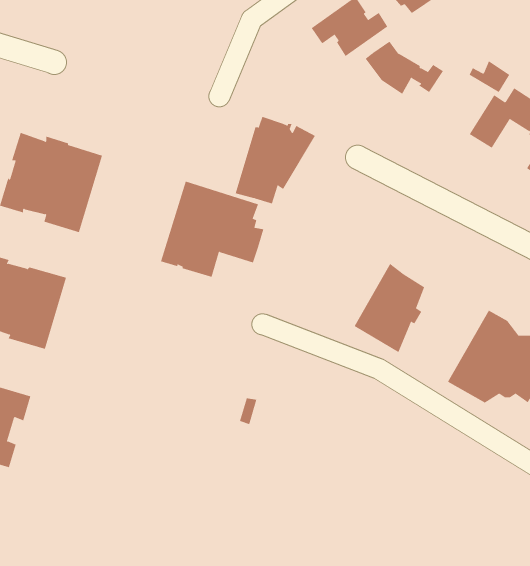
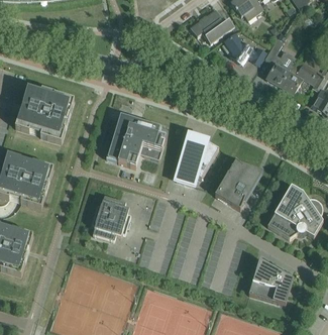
building: none -> [263,35,293,85]
building: [235,116,316,204] -> [173,134,218,184]
building: none -> [91,194,129,239]
building: none -> [247,257,291,302]

